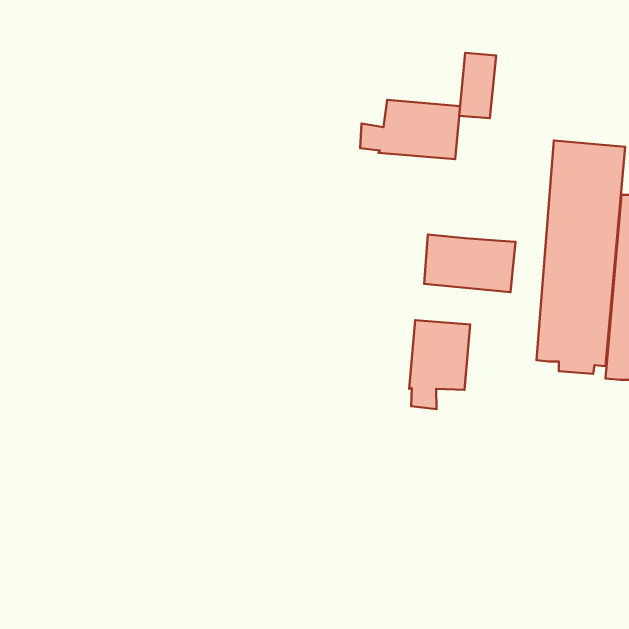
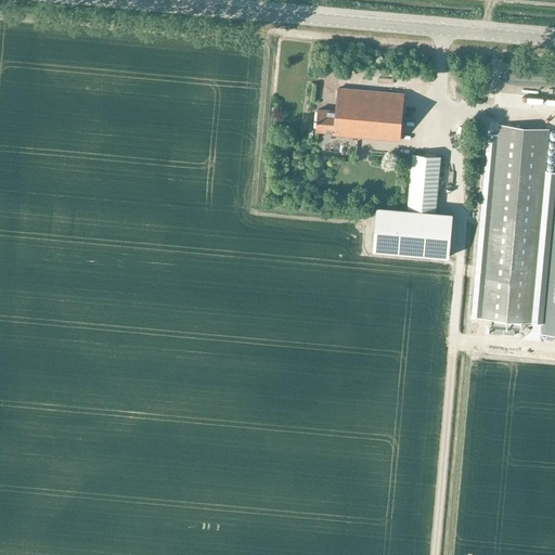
building: [459,53,496,118] -> [410,155,442,212]
building: [409,320,470,409] -> none

